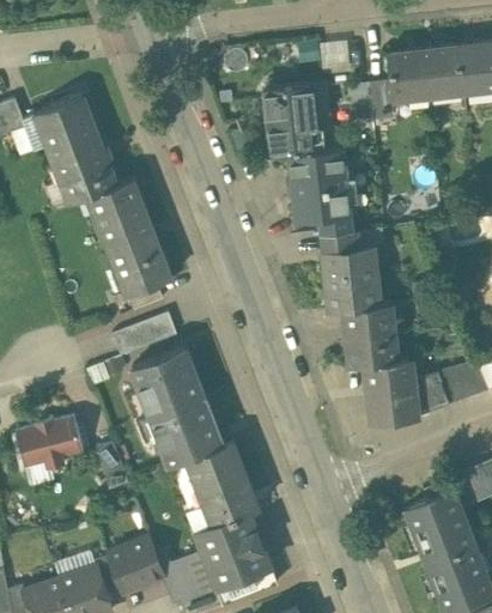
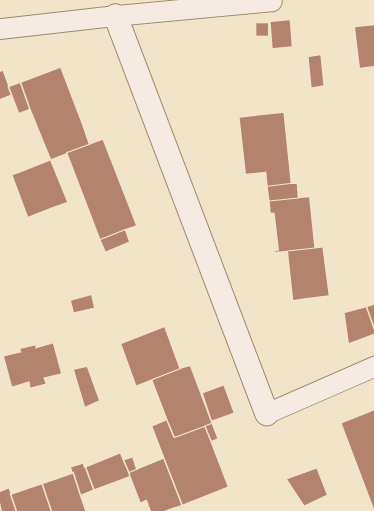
building: [385,48,429,101] -> none
building: [263,83,318,154] -> none
building: none -> [12,160,68,217]
building: [111,312,176,356] -> none
building: [132,347,202,417] -> none
building: [365,359,415,423] -> none
building: none -> [202,385,234,421]
building: none -> [286,468,328,506]

